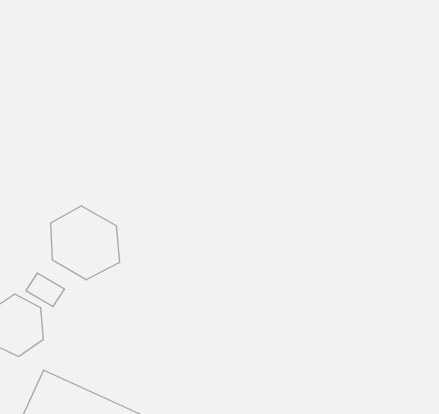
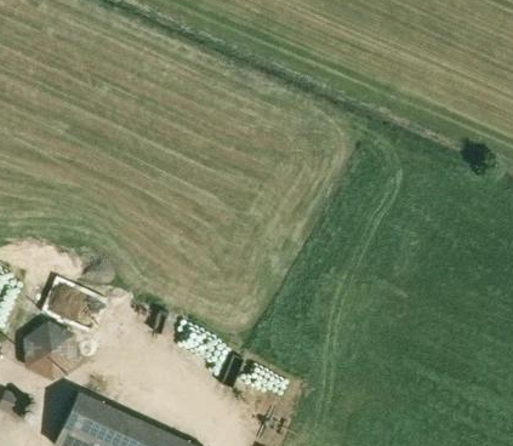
building: [51,206,119,280] -> none

